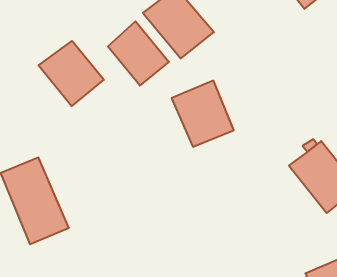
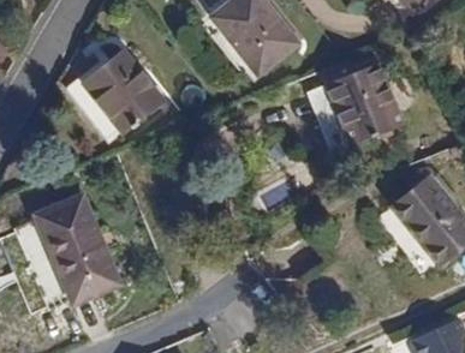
building: [108,21,169,86] -> none
building: [172,81,234,147] -> [324,62,401,144]

